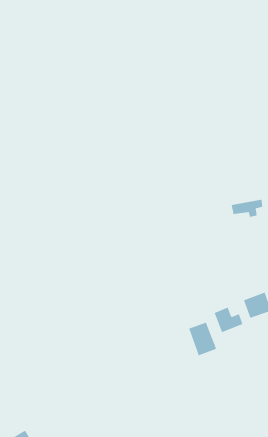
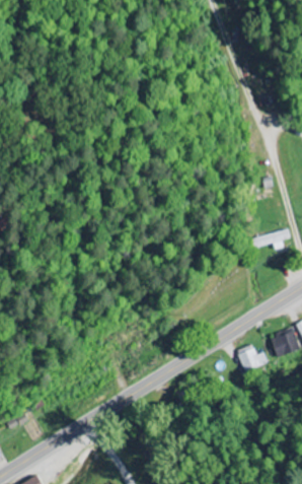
building: [188,322,217,356] -> none

